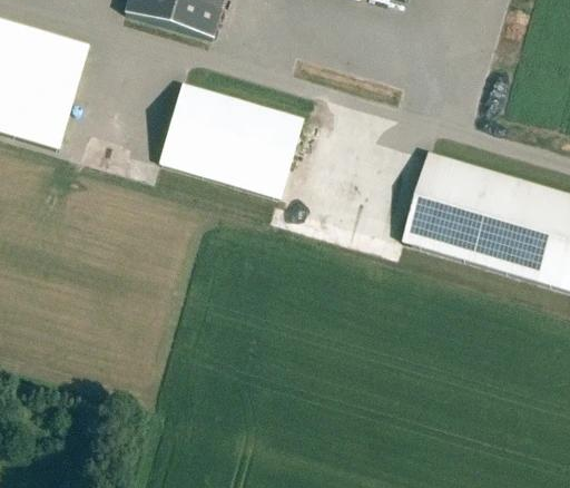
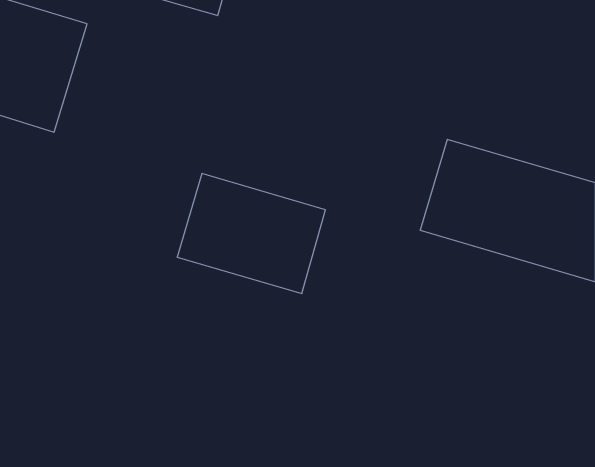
building: [160,81,301,195] -> [177,173,325,294]

